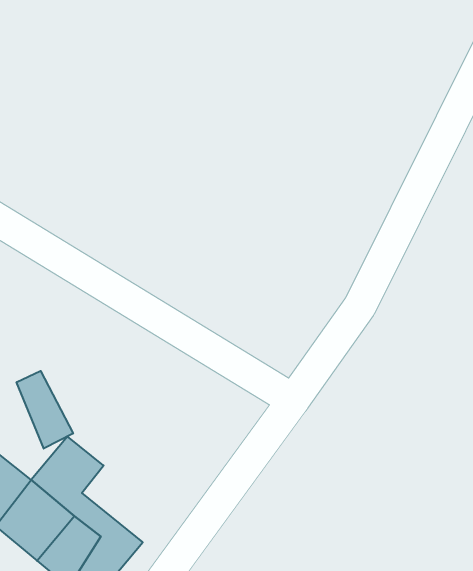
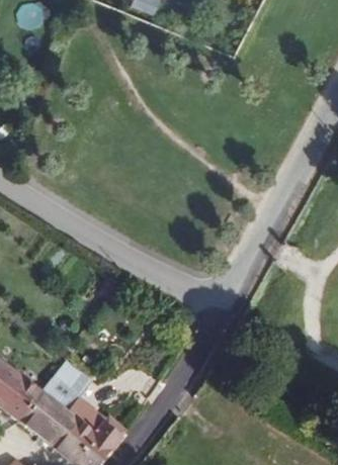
building: [17,371,73,449] -> none

